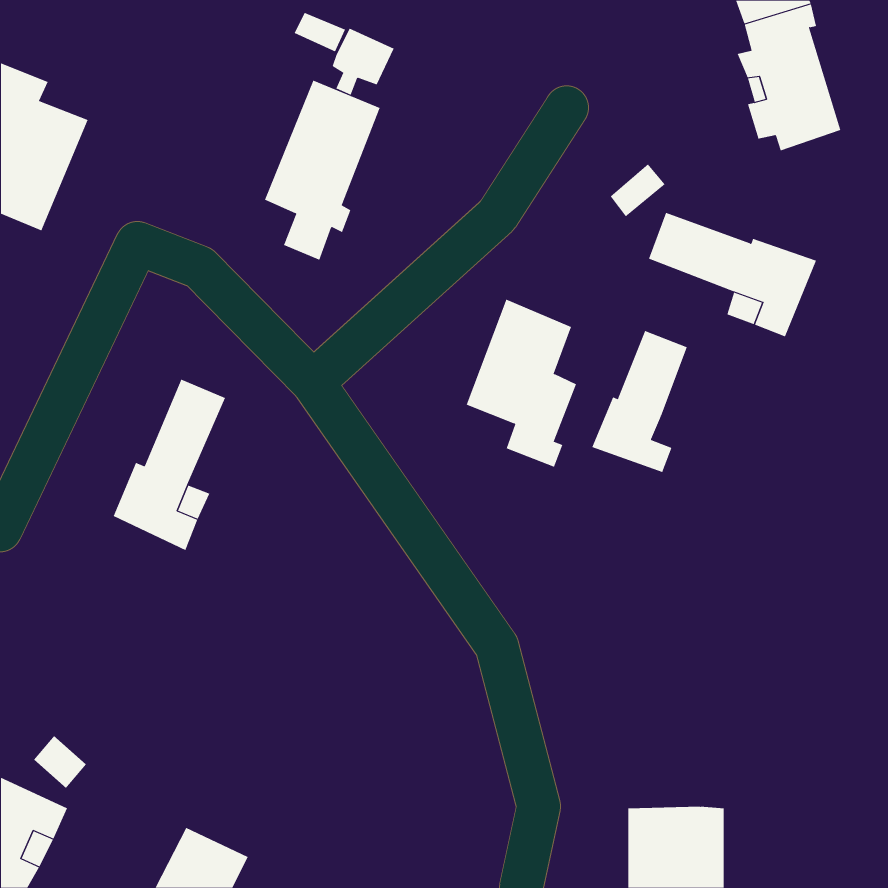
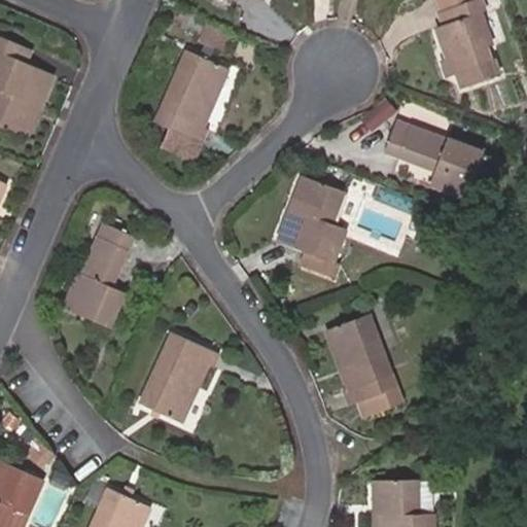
building: [591,330,688,473] -> none
building: none -> [324,315,397,413]
building: none -> [140,332,217,420]

